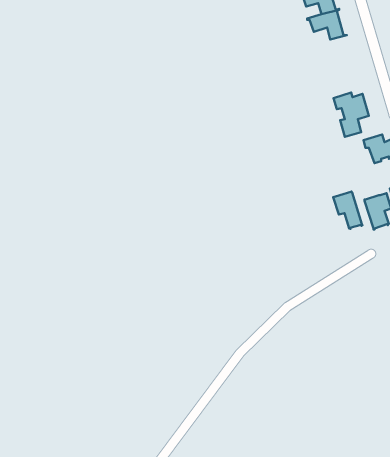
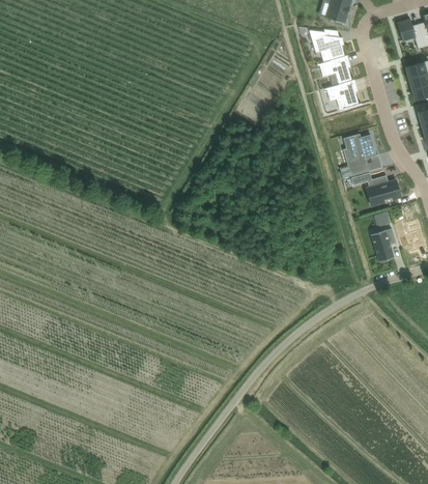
building: none -> [324,80,362,109]
building: [333,191,362,229] -> none

